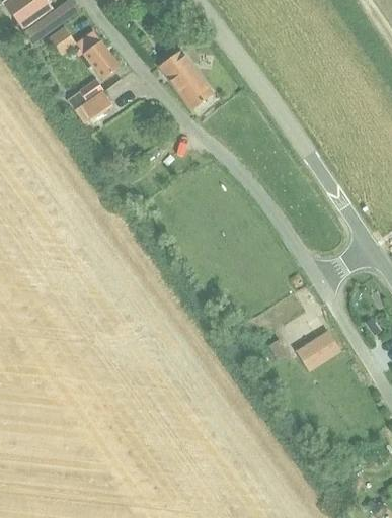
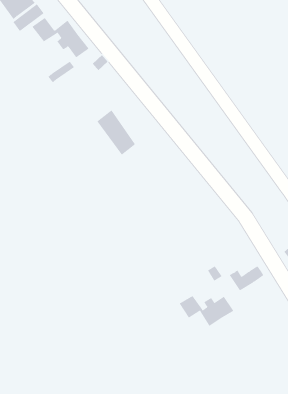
building: [161,51,211,108] -> [96,110,136,155]
building: [74,90,111,123] -> none
building: none -> [179,295,234,327]

